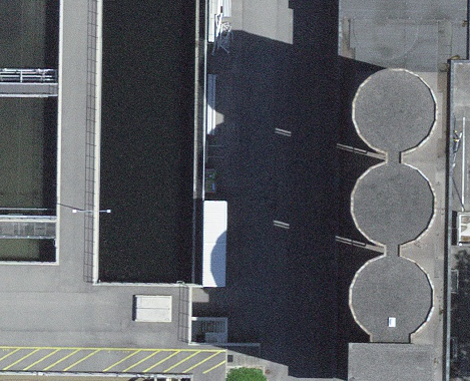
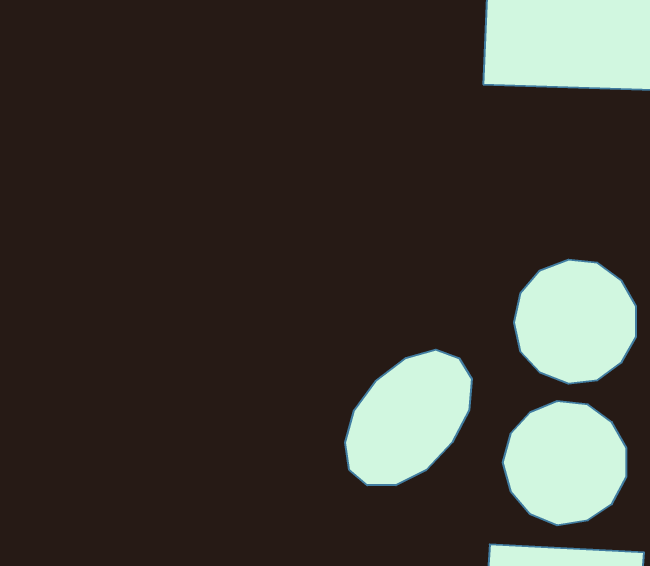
building: [357,75,434,151] -> none
building: none -> [345,350,472,485]

